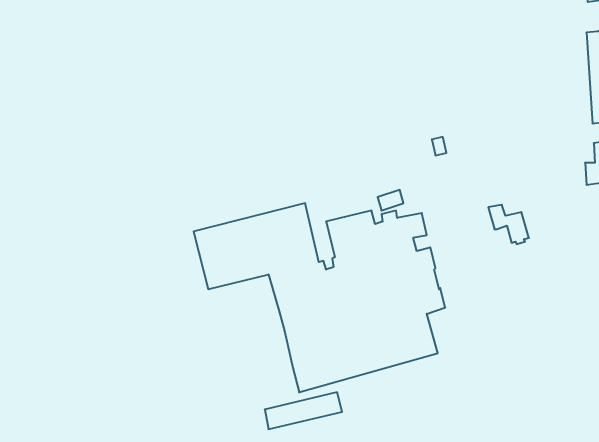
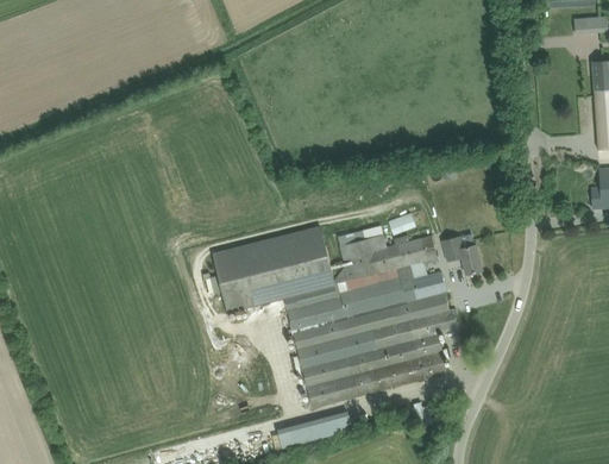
building: [488,205,529,244] -> [444,237,483,275]

